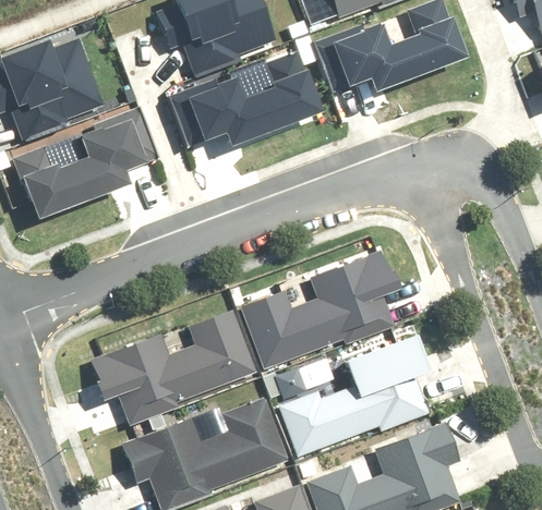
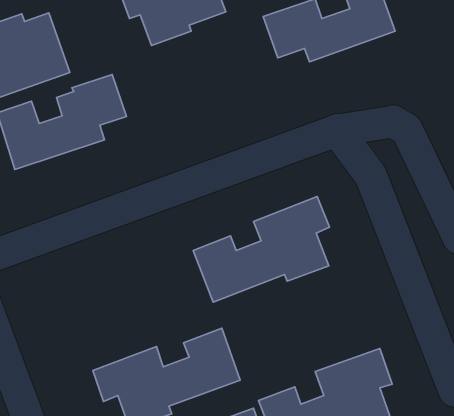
building: [169,47,318,147] -> none
building: [92,307,258,425] -> none
building: [274,336,429,451] -> none

